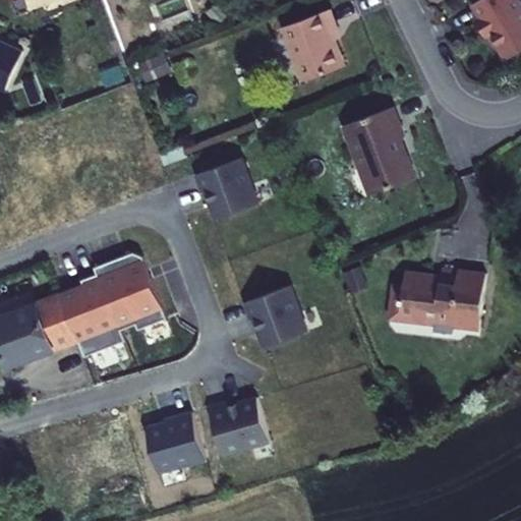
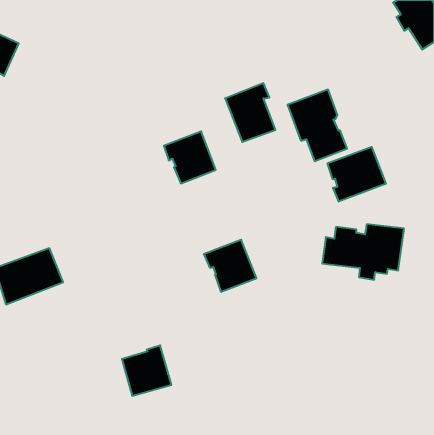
building: [280,11,340,81] -> [225,83,275,142]
building: none -> [328,147,386,202]
building: [59,254,165,357] -> none
building: [208,400,269,455] -> none

